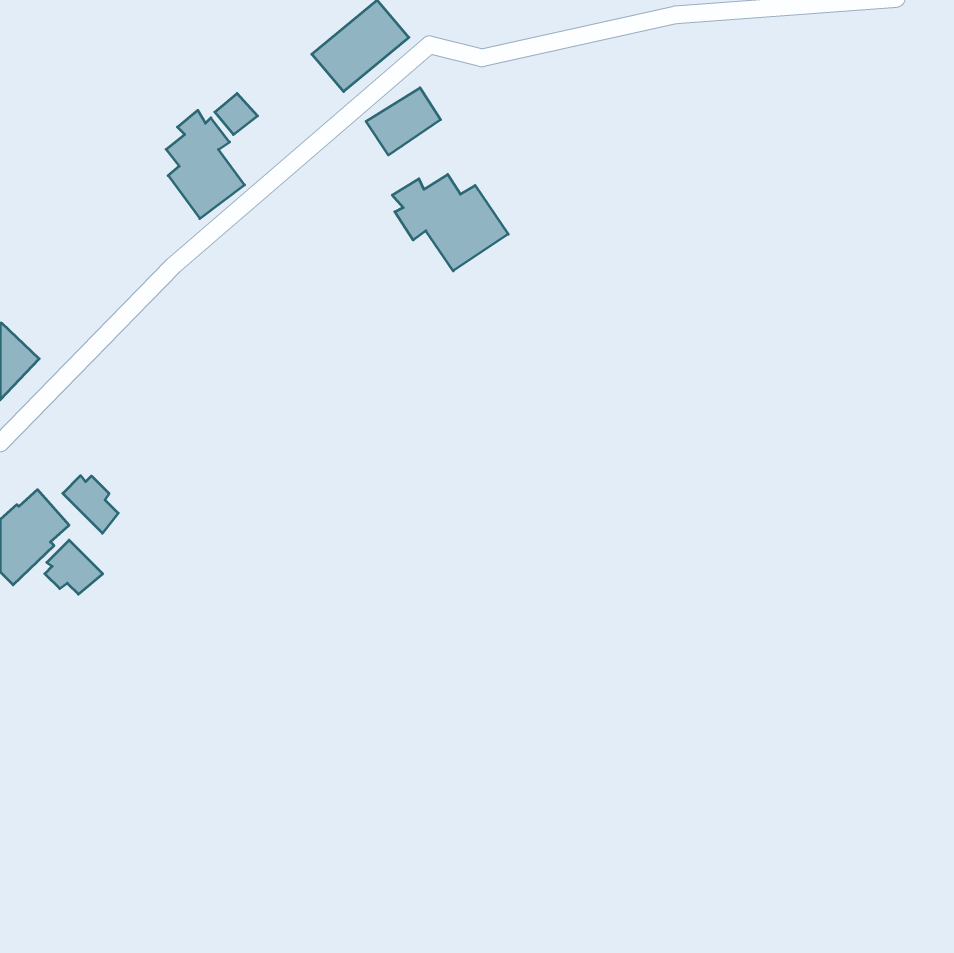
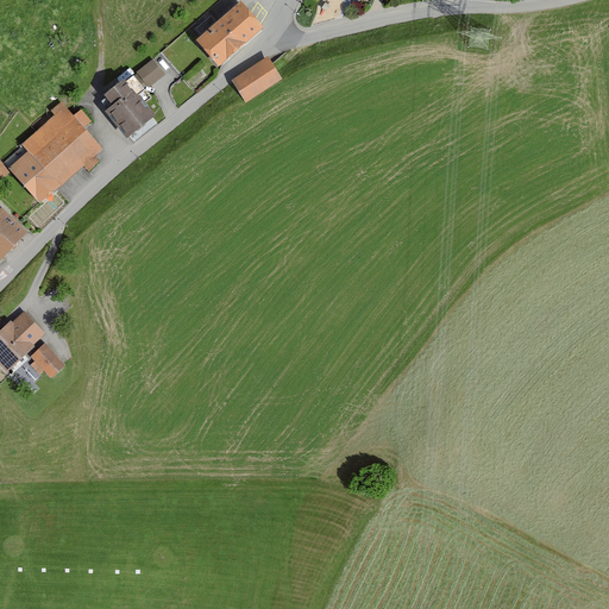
building: none -> [8,101,101,206]
building: [392,174,508,271] -> none
building: [63,476,118,533] -> none

